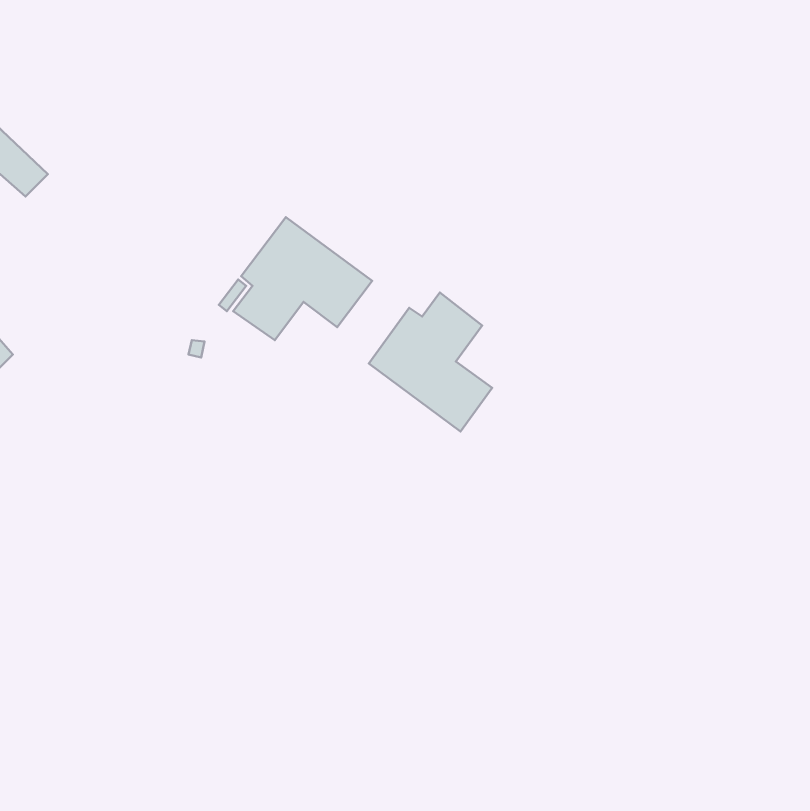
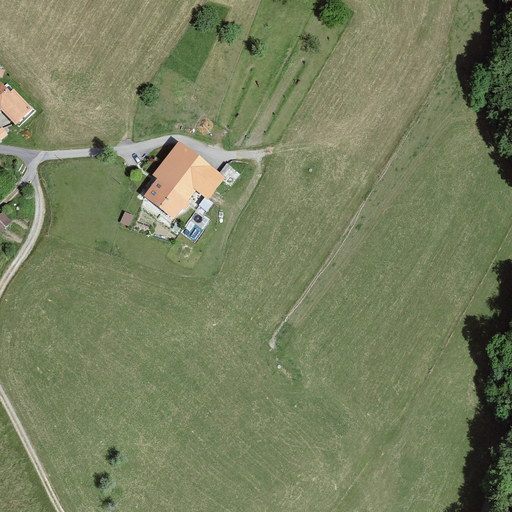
building: [369,292,492,432] -> none

